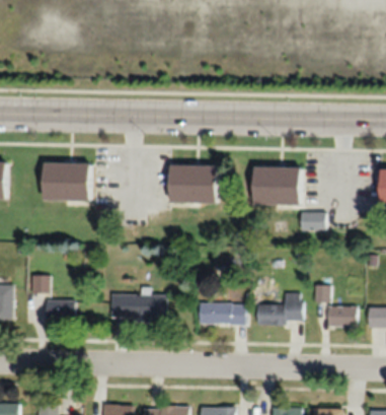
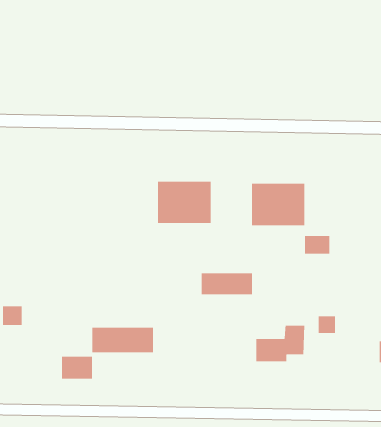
building: [44,162,90,200] -> none
building: [46,300,74,322] -> [61,356,93,380]
building: [199,304,245,325] -> [201,273,253,295]
building: [327,305,356,326] -> none

